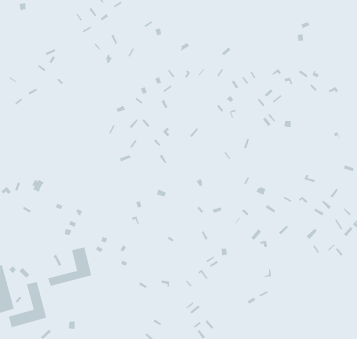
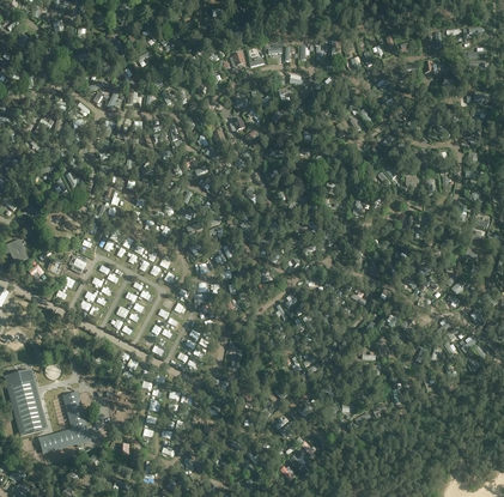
building: [47,247,92,287] -> none

